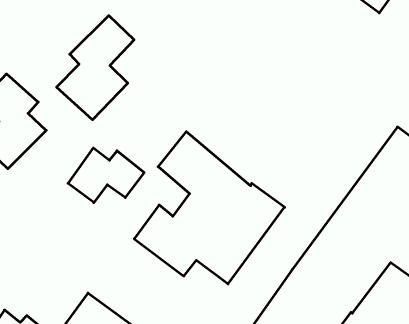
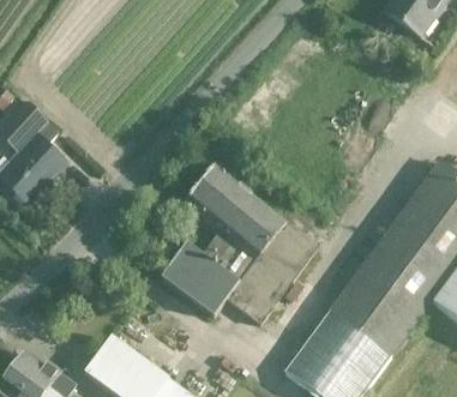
building: [57,16,134,120] -> none
building: [68,148,144,203] -> none

